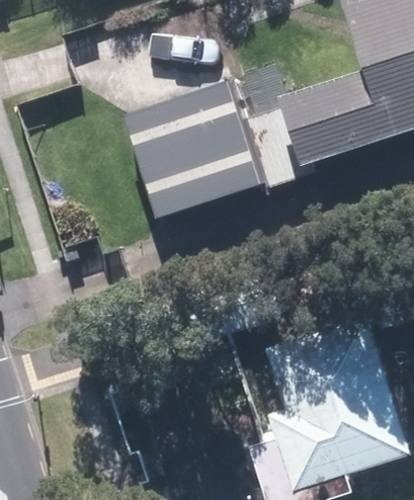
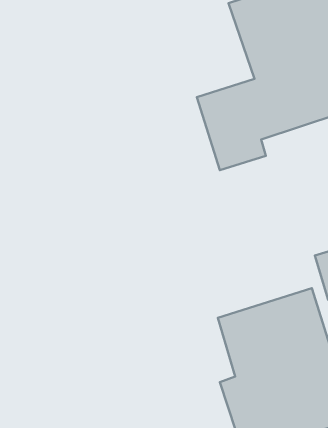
building: [128,85,262,216] -> none

